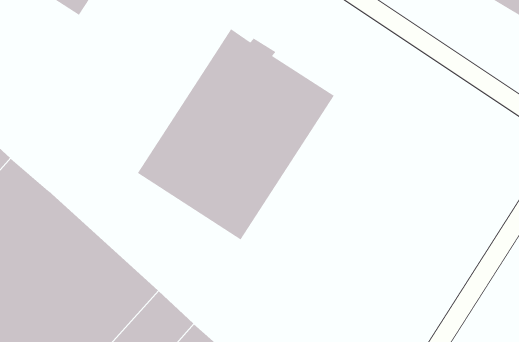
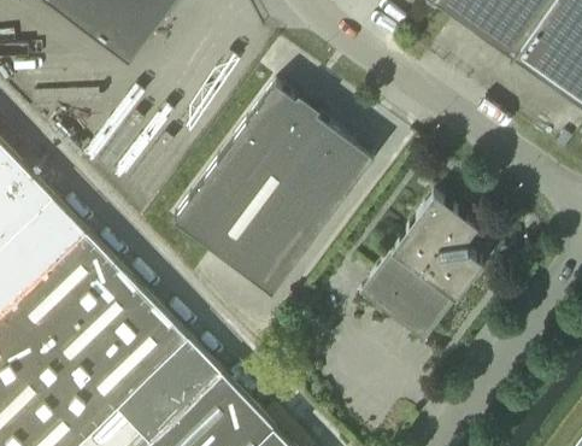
building: none -> [360,195,483,342]

